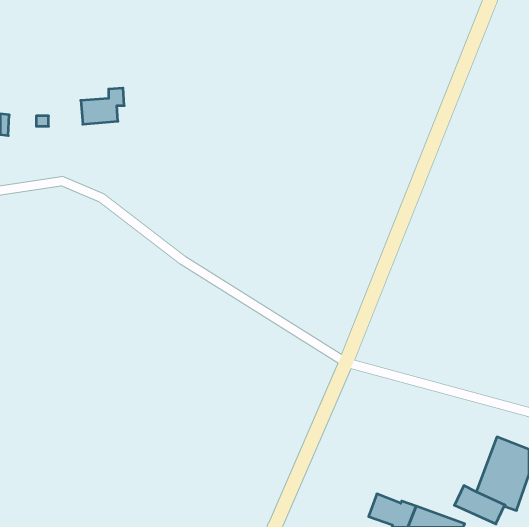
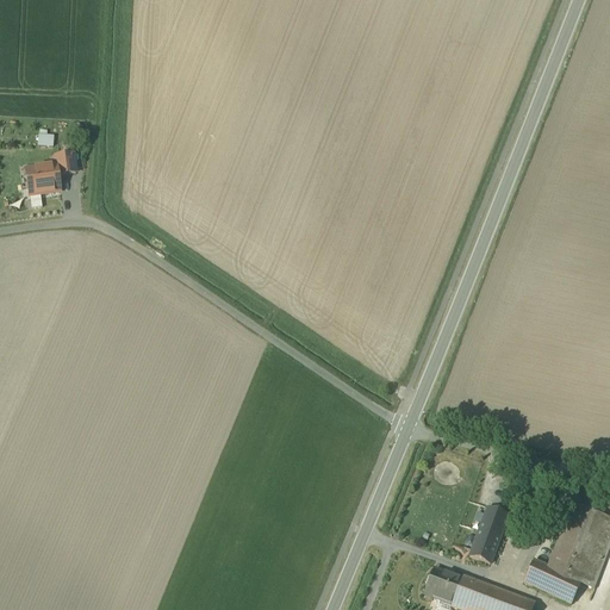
building: [81,88,124,124] -> [25,152,75,194]
building: none -> [471,509,506,562]

